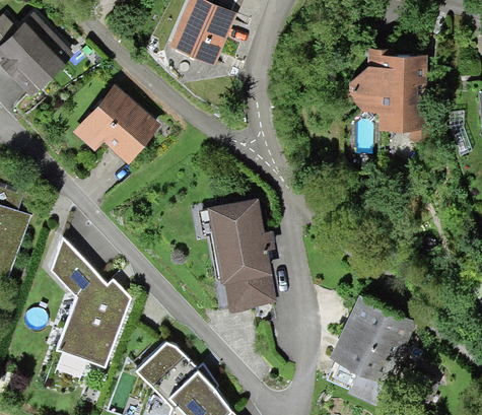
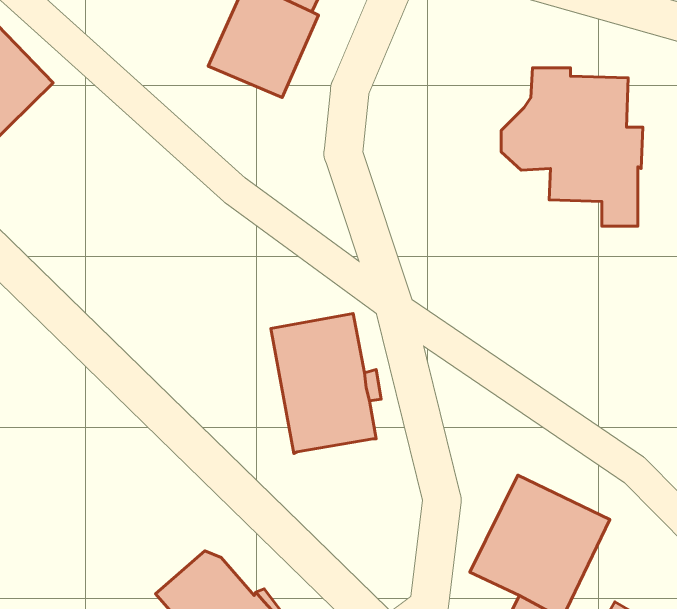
building: [72,85,160,161] -> none
building: [51,237,131,369] -> none
building: [223,274,275,314] -> none

